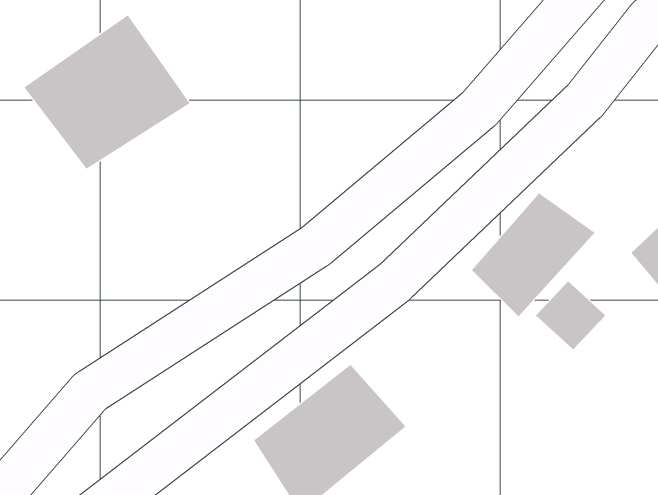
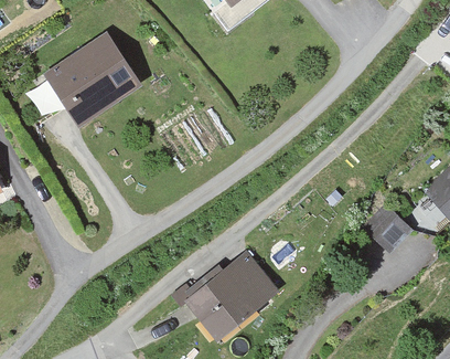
building: [471,193,595,317] -> none

